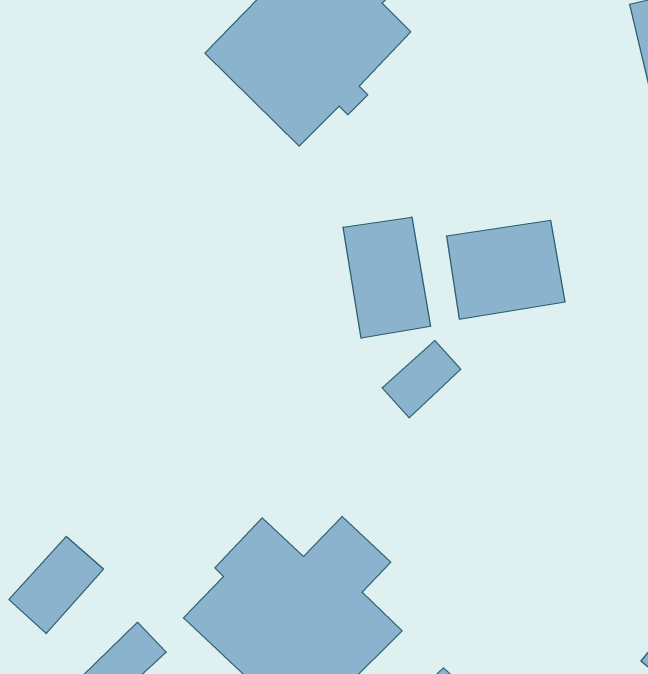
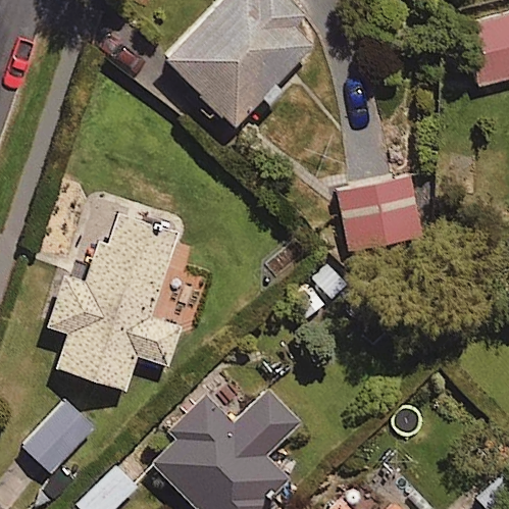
building: [343,217,430,338] -> none
building: none -> [49,210,179,389]

